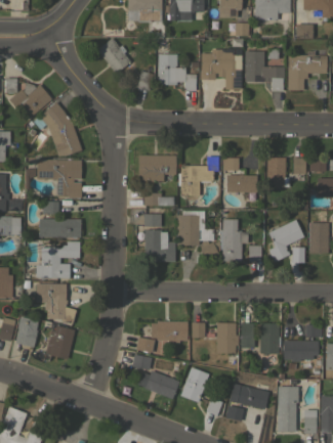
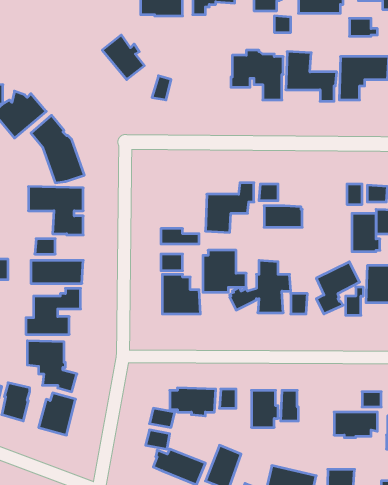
building: [159,54,197,91] -> none
building: [139,156,177,187] -> none
building: [267,158,290,188] -> [352,213,380,252]
building: [260,323,280,354] -> none

